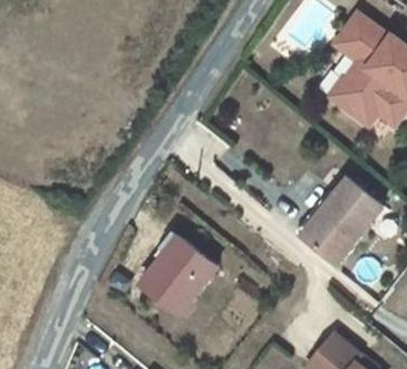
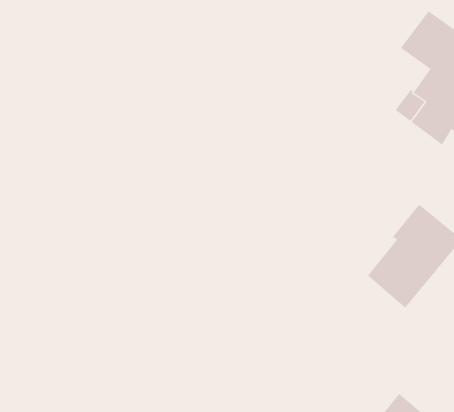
building: [144,225,219,312] -> none

